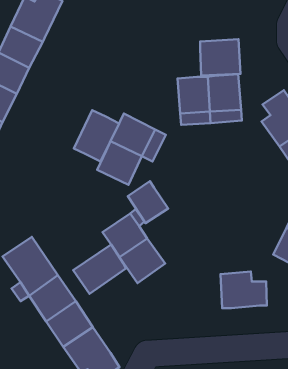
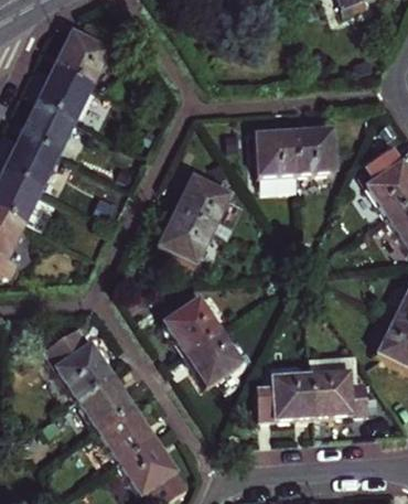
building: [200,39,241,75] -> none
building: [74,110,119,162] -> none
building: [128,181,168,223] -> none
building: [73,245,126,294] -> none
building: none -> [257,374,313,419]

